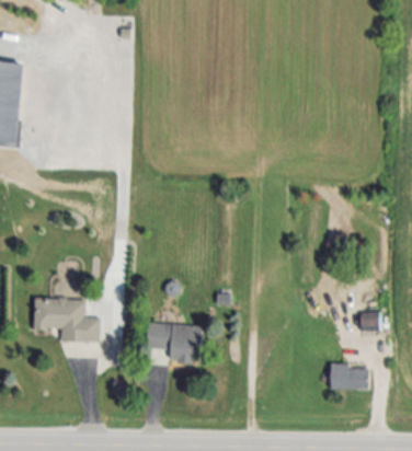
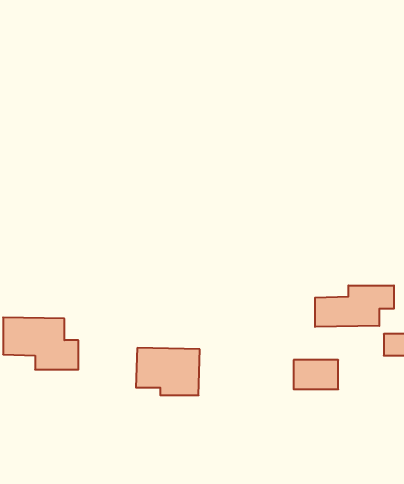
building: none -> [315,285,394,327]
building: [329,363,367,389] -> [294,360,338,389]

